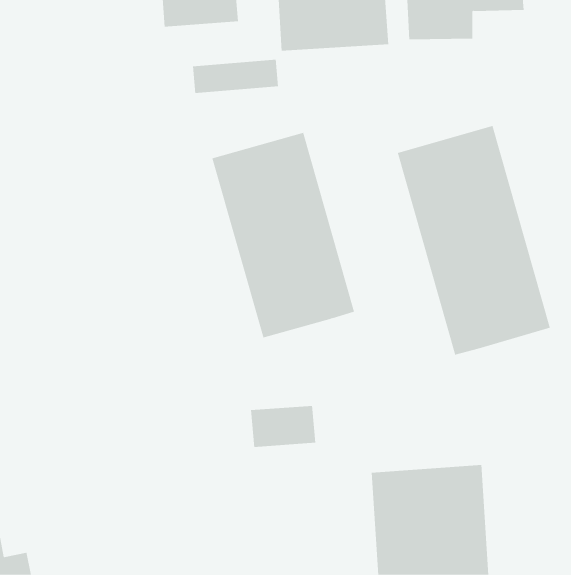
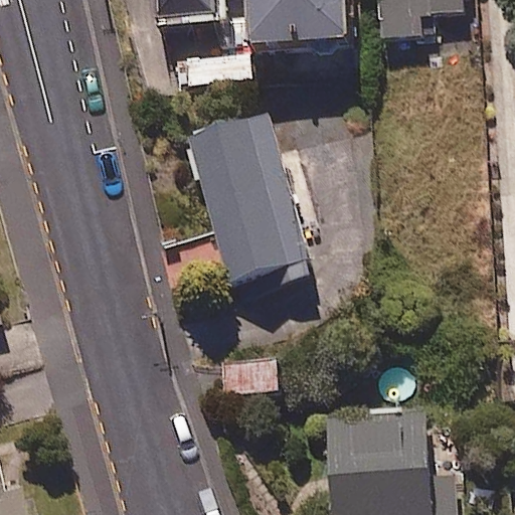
building: [397,125,551,355] -> none

